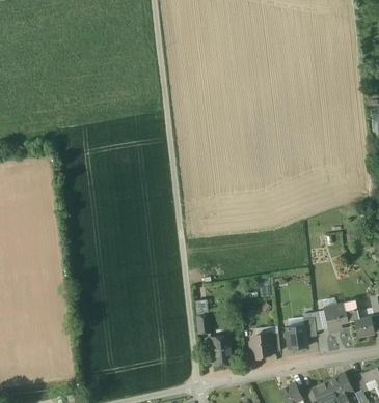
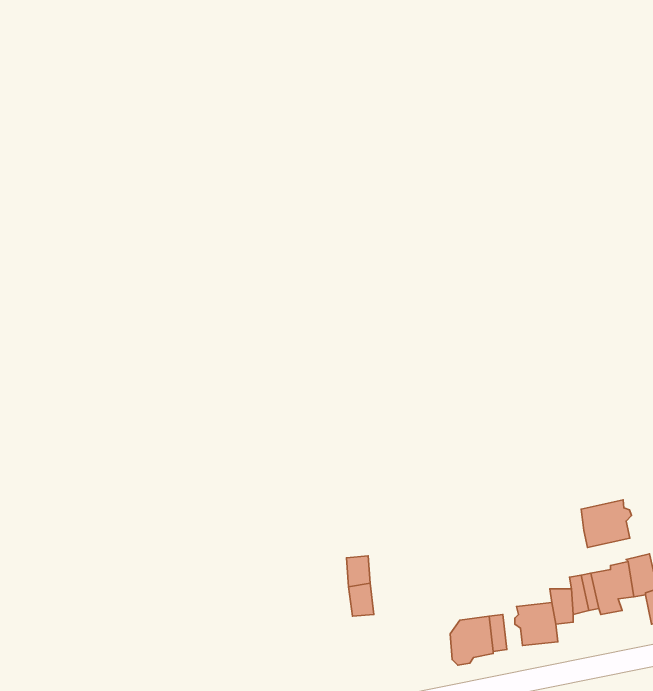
building: none -> [581,500,632,547]
building: [210,336,232,365] -> none

